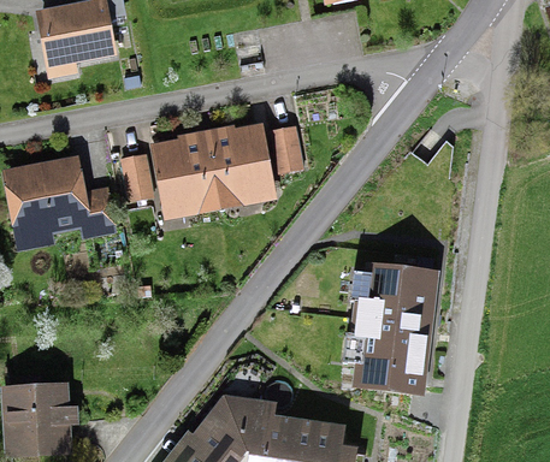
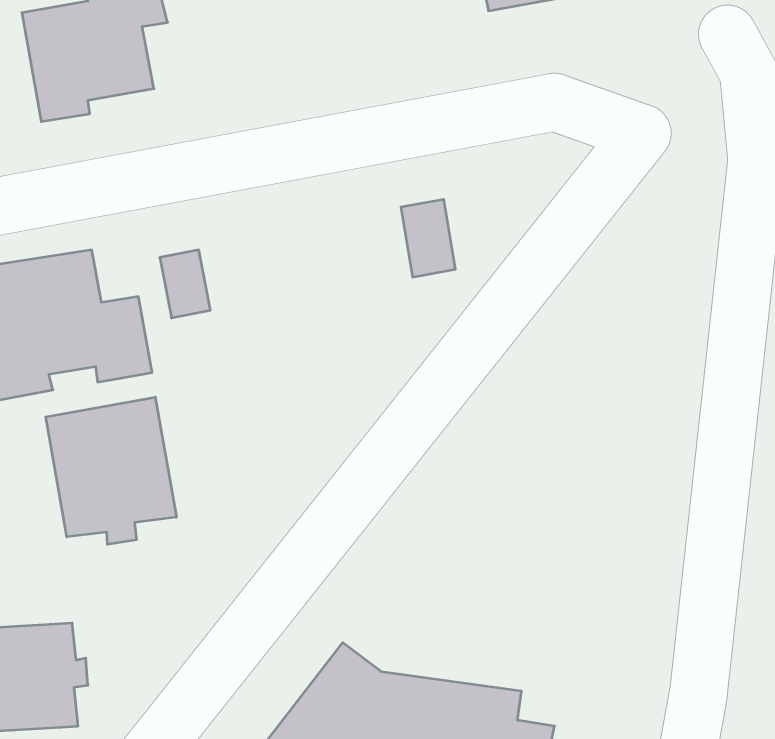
building: [160,130,266,208] -> none
building: none -> [46,397,176,544]
building: [359,267,432,386] -> none

